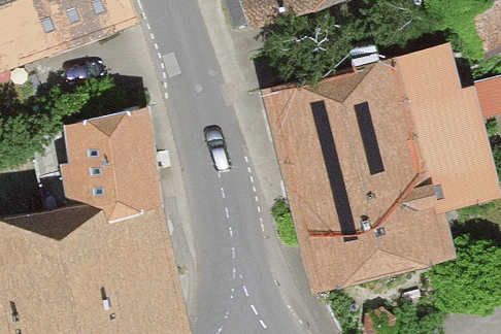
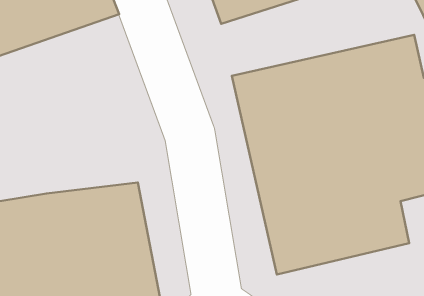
building: [58,106,161,207] -> none

